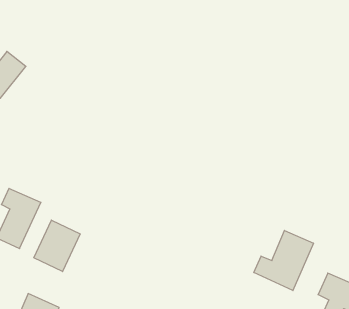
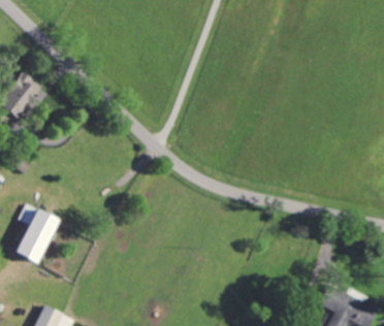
building: [34,220,80,272] -> none
building: [254,230,313,291] -> none

